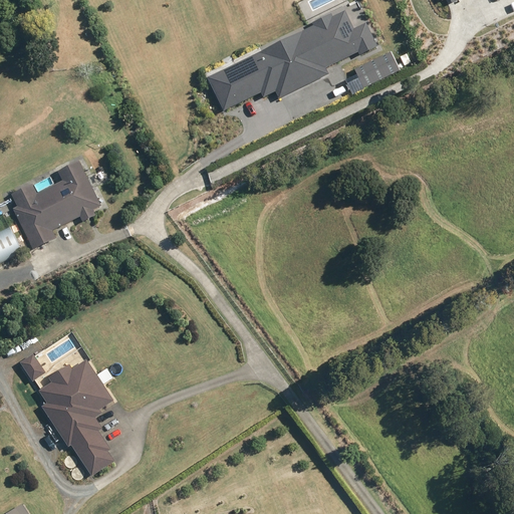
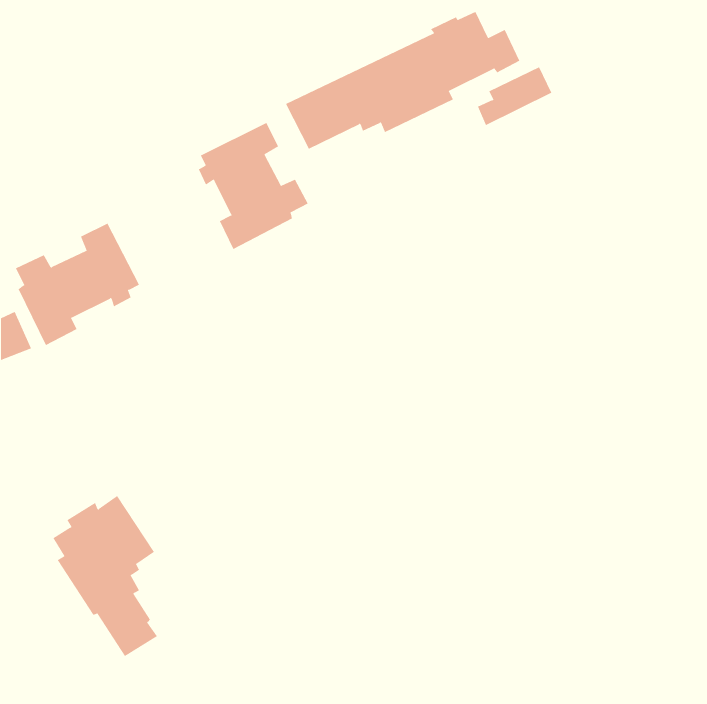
building: none -> [198,122,309,250]
building: [19,354,45,381] -> none

